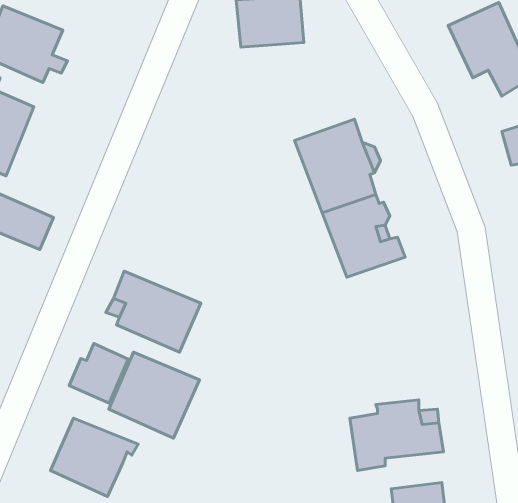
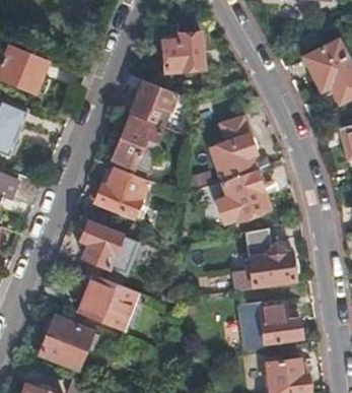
building: none -> [133,79,177,125]
building: none -> [114,118,161,166]
building: none -> [95,166,149,216]
building: none -> [231,233,297,290]
building: [69,343,128,403] -> none

